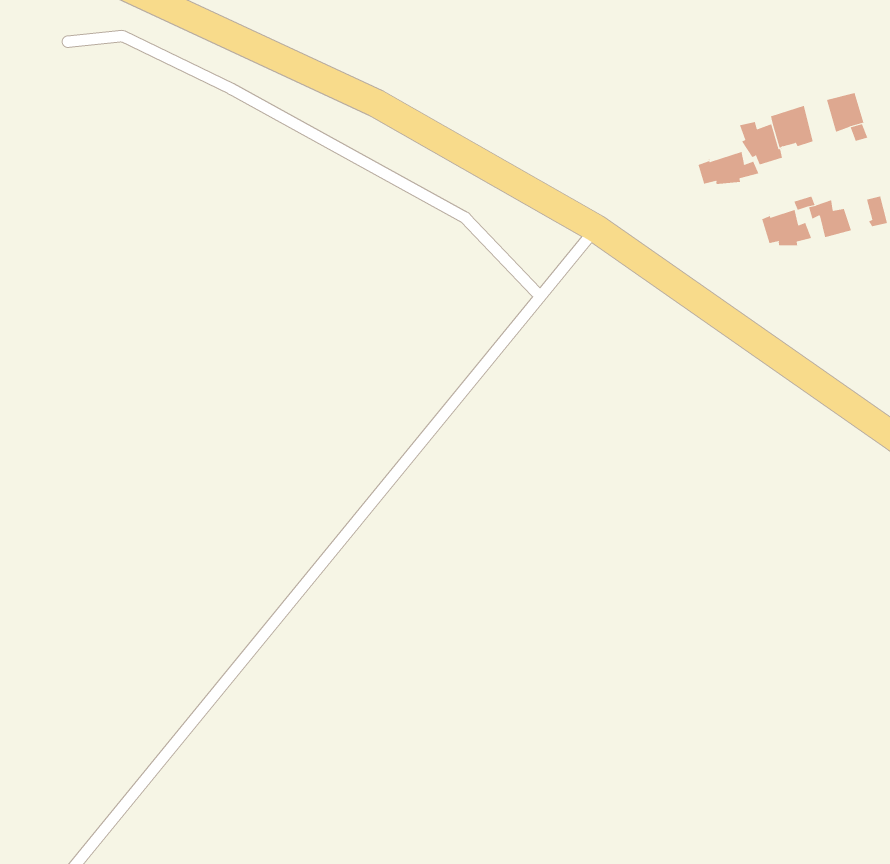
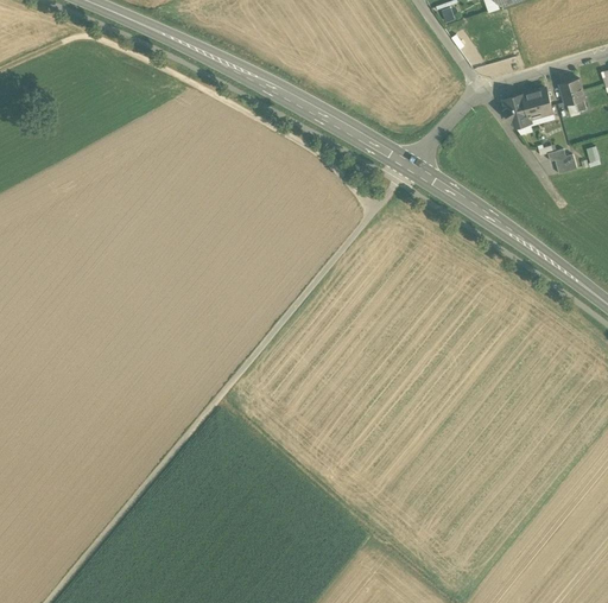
building: [698,151,759,185] -> none
building: [761,209,812,246] -> none

